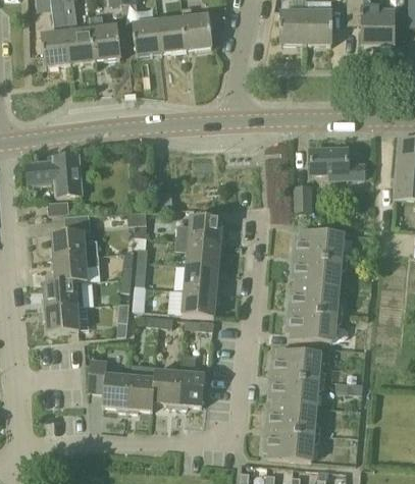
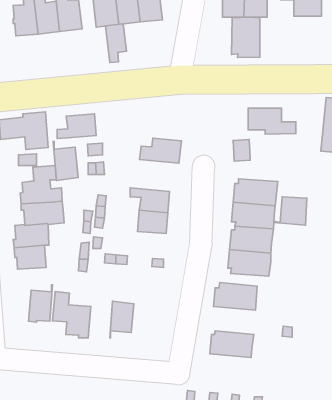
building: none -> [232,17,260,57]
building: none -> [105,24,127,62]
building: none -> [57,114,96,139]
building: none -> [53,141,78,180]
building: [175,215,223,244] -> [139,138,181,163]
building: none -> [274,197,307,225]
building: [181,289,216,317] -> none
building: [176,353,205,407] -> none
building: [127,369,155,412] -> [28,285,53,322]
building: [268,375,318,407] -> none
building: [264,429,313,461] -> none

